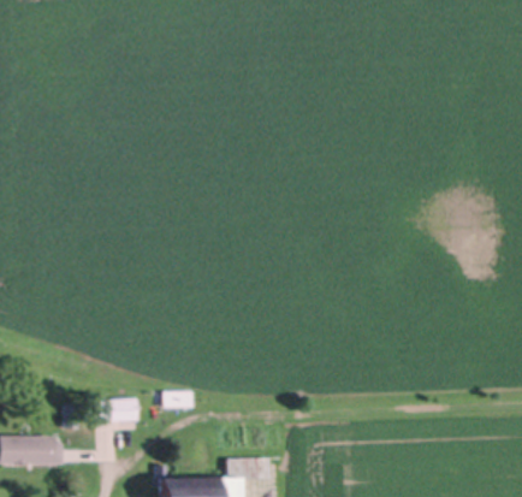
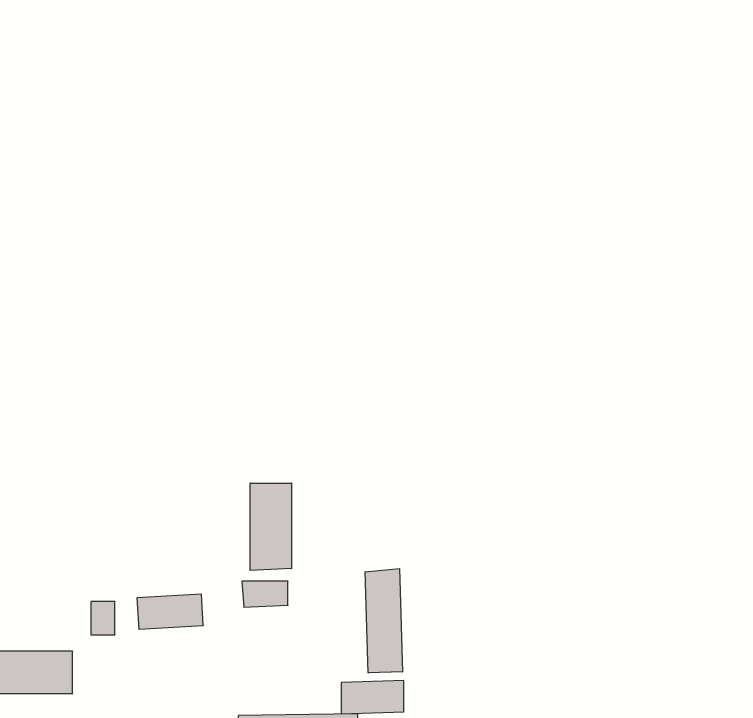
building: none -> [250,483,292,570]
building: none -> [365,569,402,673]

